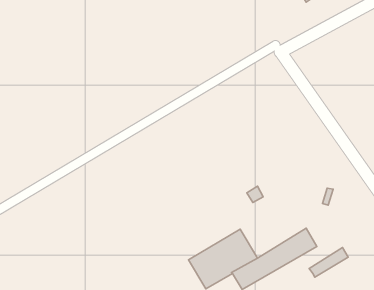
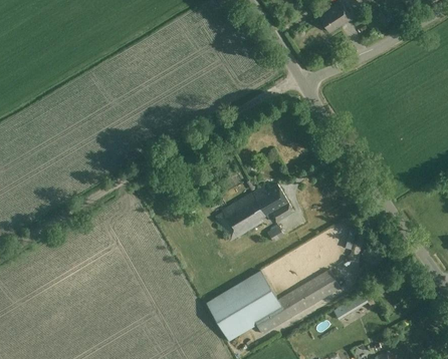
building: none -> [215,184,294,241]

